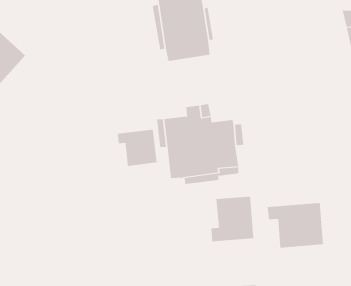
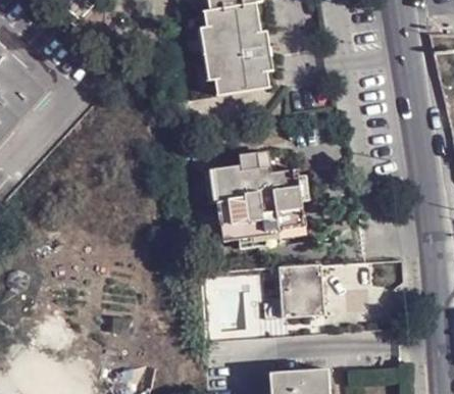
building: [117,129,157,167] -> none
building: [267,202,324,249] -> none

